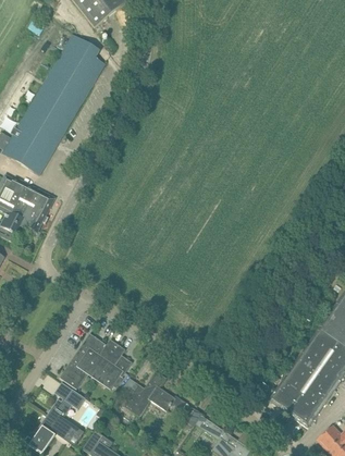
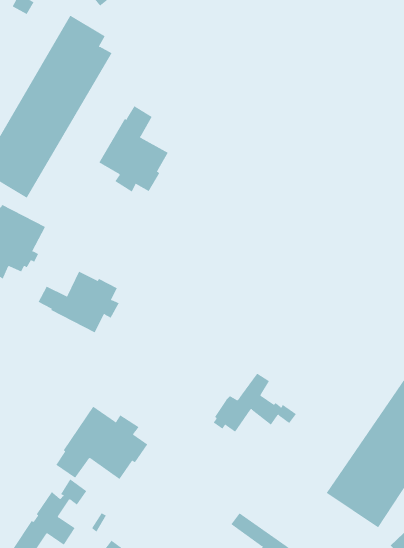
building: none -> [98,105,169,192]
building: none -> [37,271,120,333]
building: [122,371,186,417] -> [213,373,297,432]

